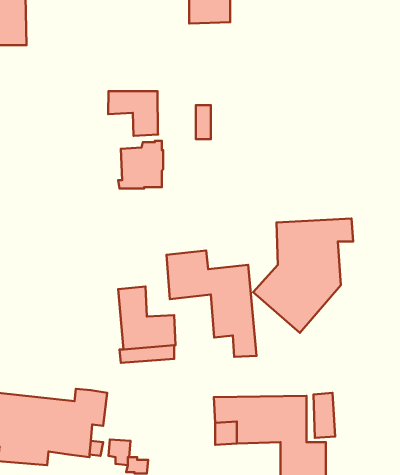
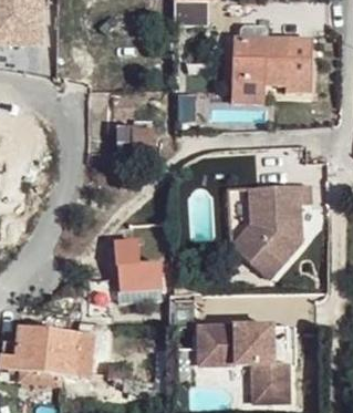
building: none -> [233,35,312,100]
building: [108,91,158,136] -> none
building: [166,250,256,357] -> none

